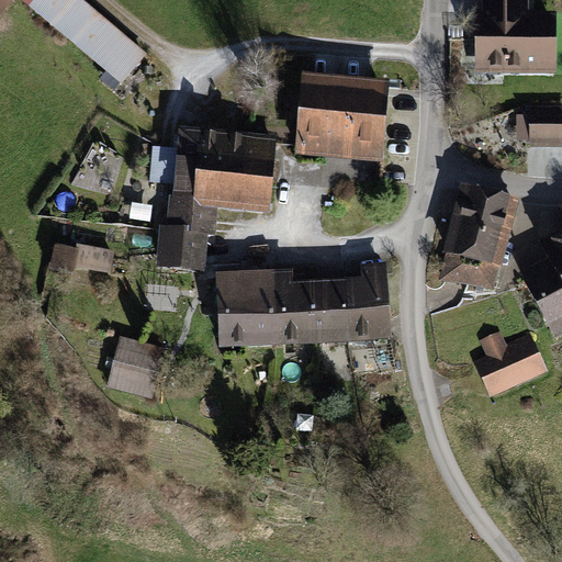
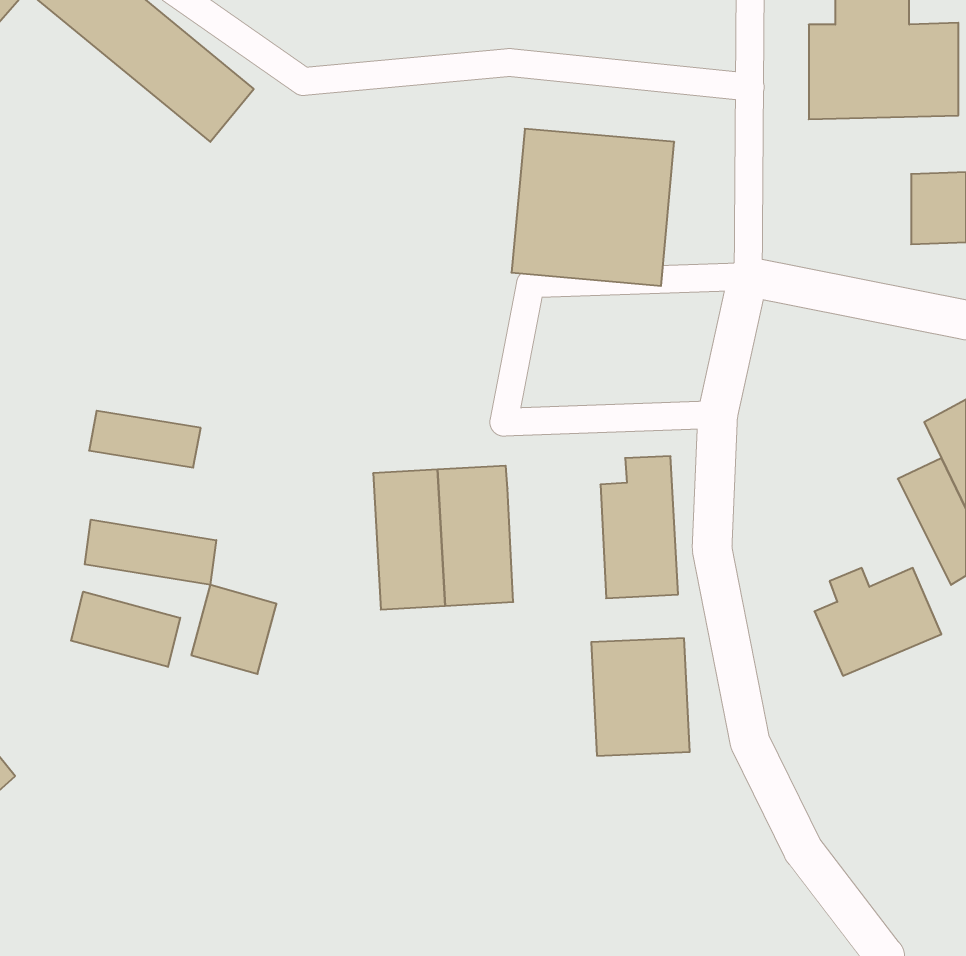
building: [149,120,268,281] -> none
building: [439,182,521,284] -> none
building: [294,281,351,349] -> [591,638,690,756]
building: none -> [85,520,216,585]
building: none -> [71,592,180,667]

